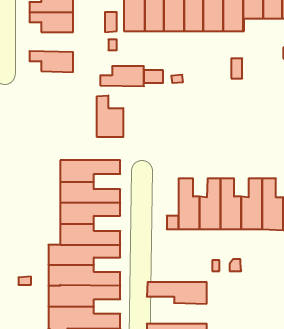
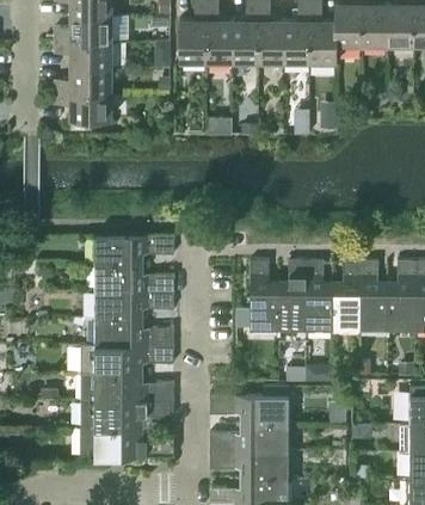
building: [100,66,144,86] -> [55,68,112,94]
building: [97,95,123,137] -> none
building: none -> [209,424,288,451]

